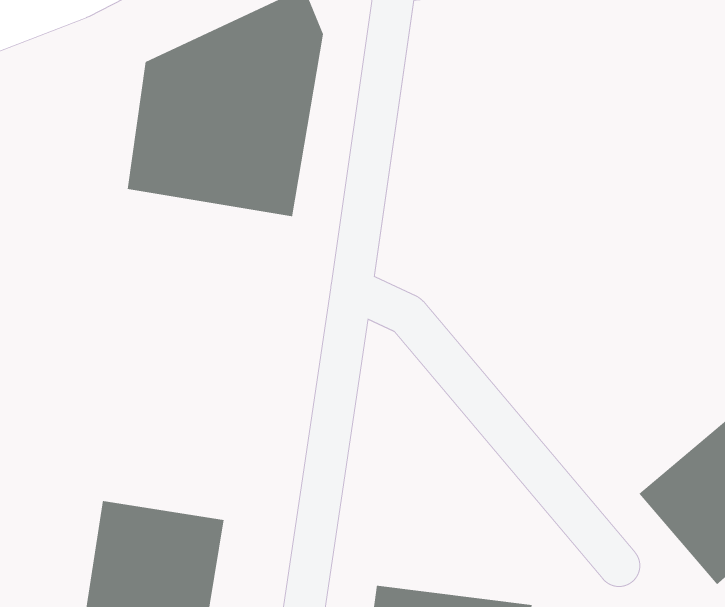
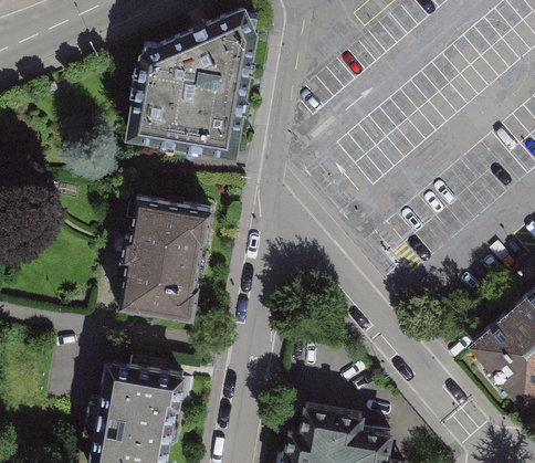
building: none -> [122,188,216,311]

